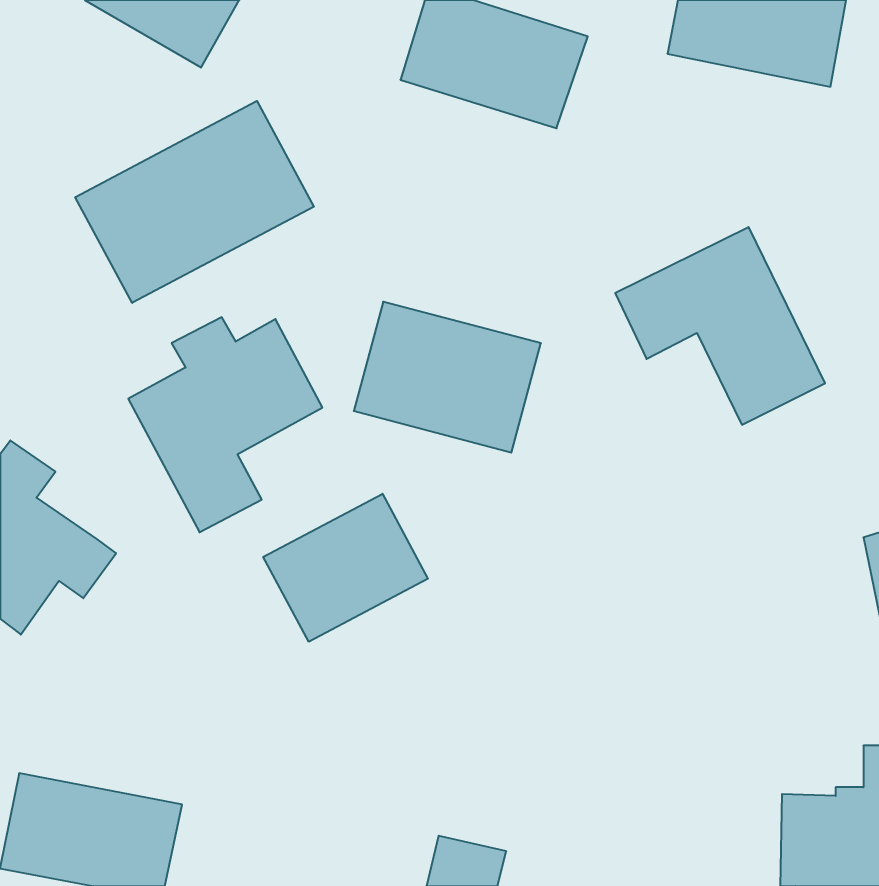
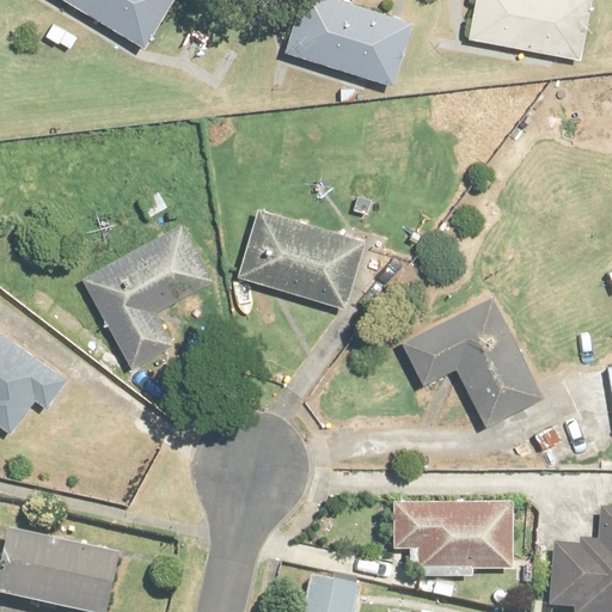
building: [75,101,314,303] -> none
building: [615,227,825,425] -> [396,293,540,429]
building: [263,494,428,642] -> none
building: none -> [387,497,508,580]

